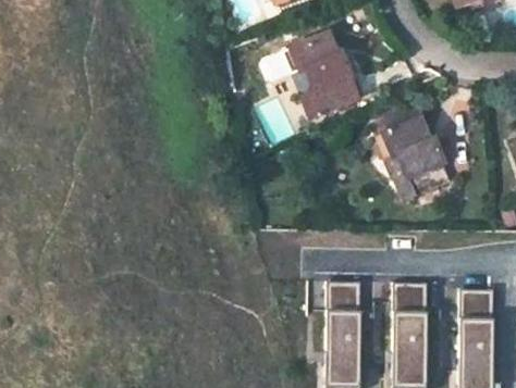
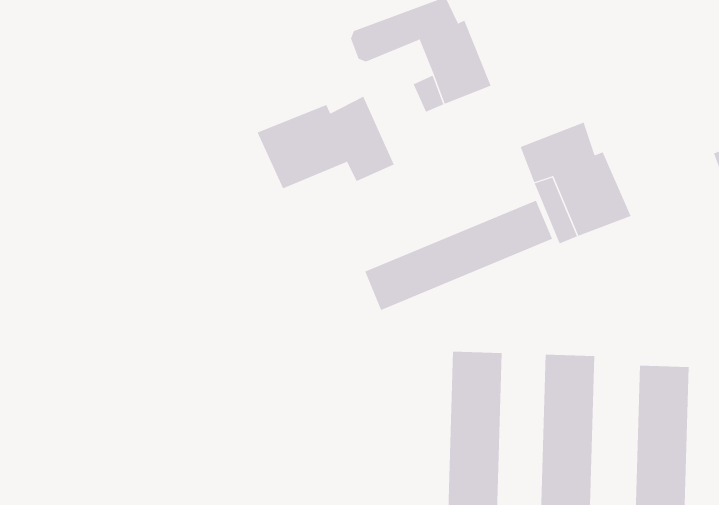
building: none -> [257,96,394,189]
building: none -> [364,200,553,311]

